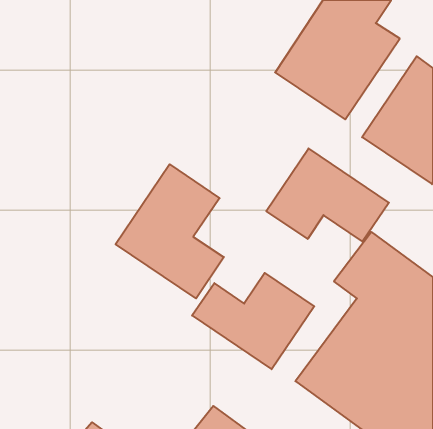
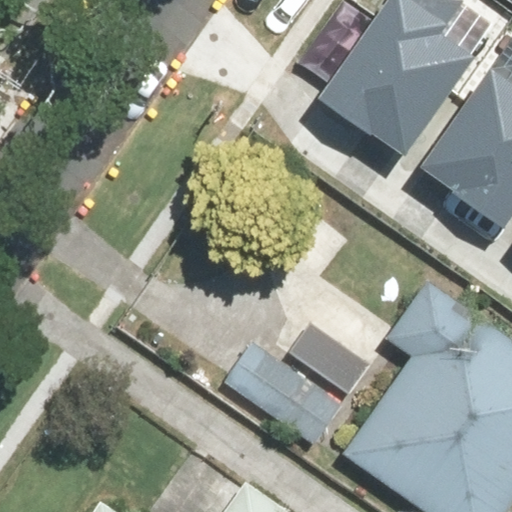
building: [266,148,389,242] -> none
building: [116,164,224,298] -> none

